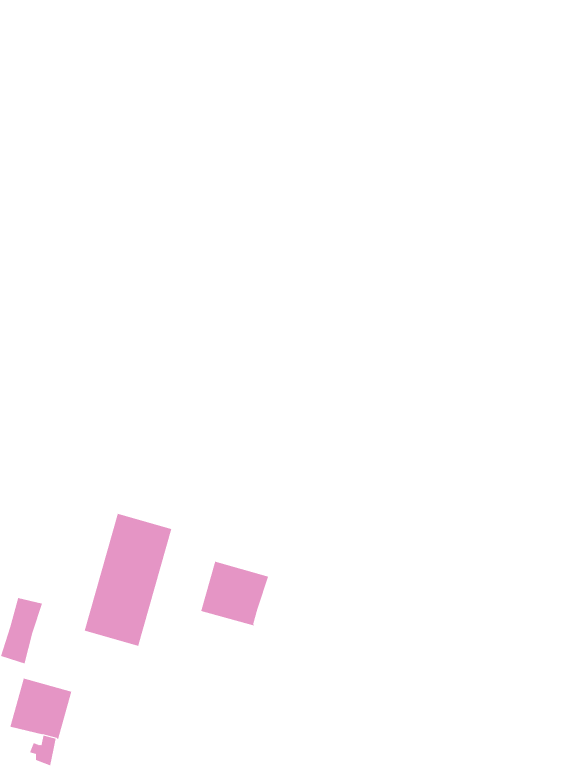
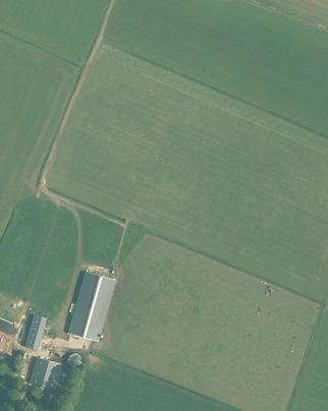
building: [201,561,269,627] -> none

